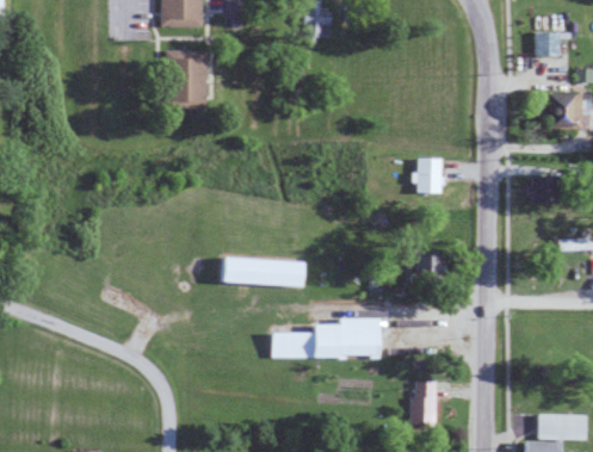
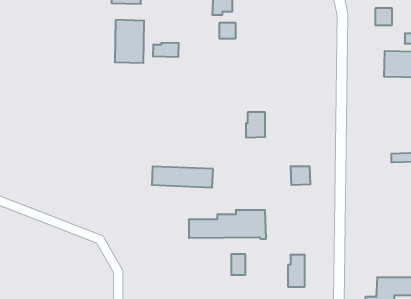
building: none -> [220,23,235,39]
building: none -> [153,43,179,57]
building: [415,157,443,193] -> [246,112,265,138]
building: none -> [231,254,245,275]

